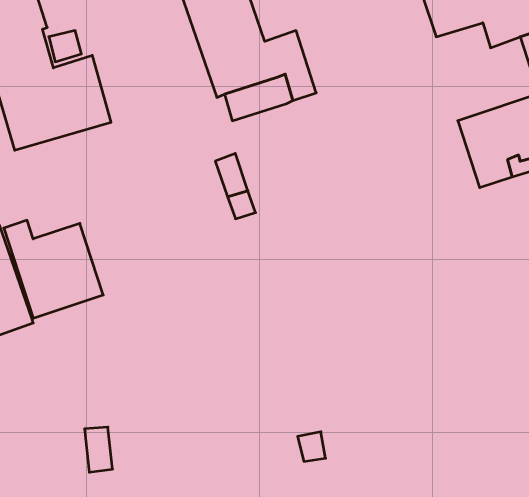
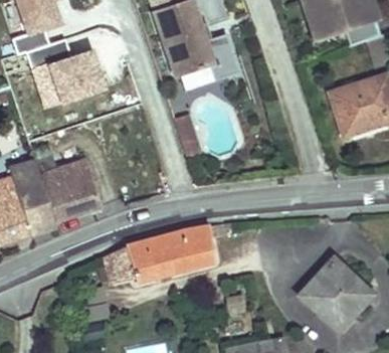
building: none -> [104,223,233,281]
building: none -> [300,256,367,330]

